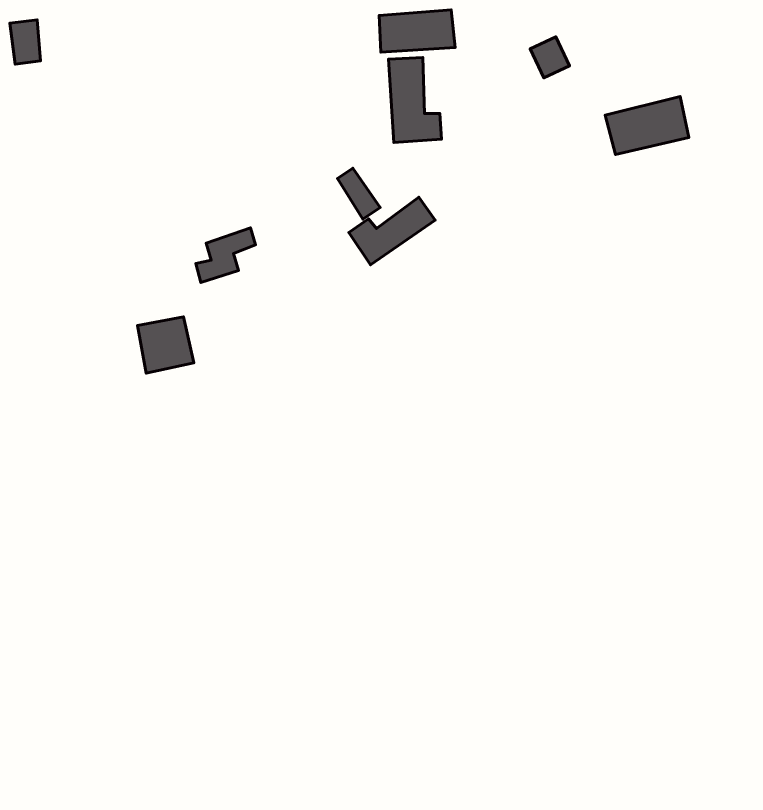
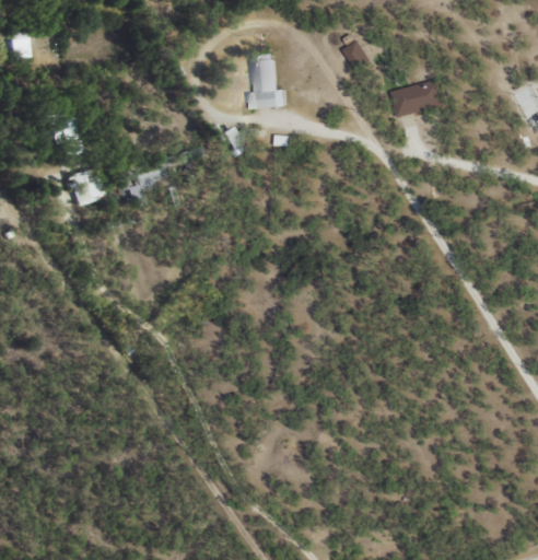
building: [379,10,455,52] -> none
building: [349,197,435,265] -> none
building: [138,317,194,373] -> [68,168,104,205]

